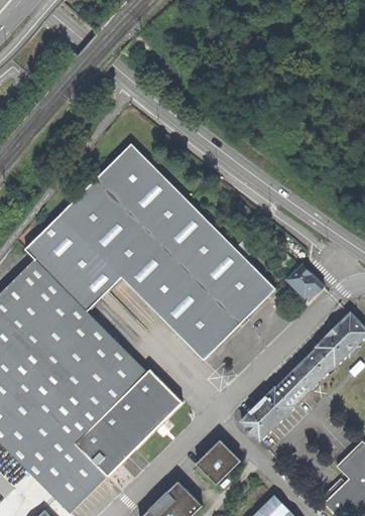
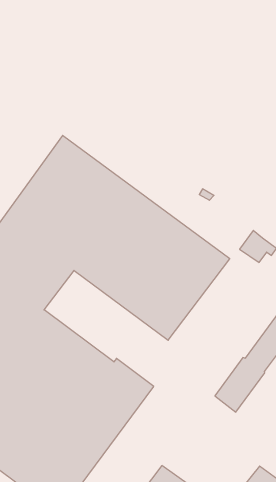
building: [196,441,240,486] -> none

